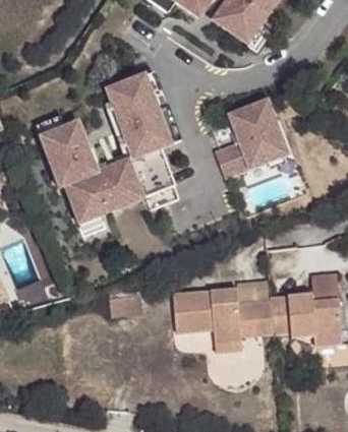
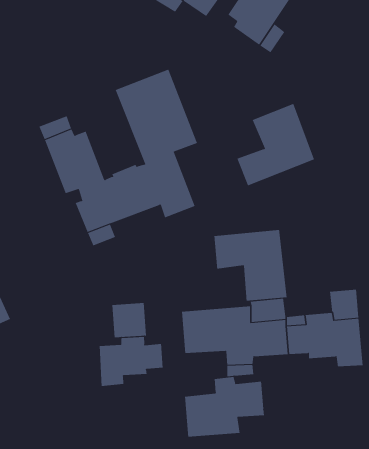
building: none -> [214,229,287,302]
building: none -> [99,336,163,387]
building: none -> [185,376,265,438]

